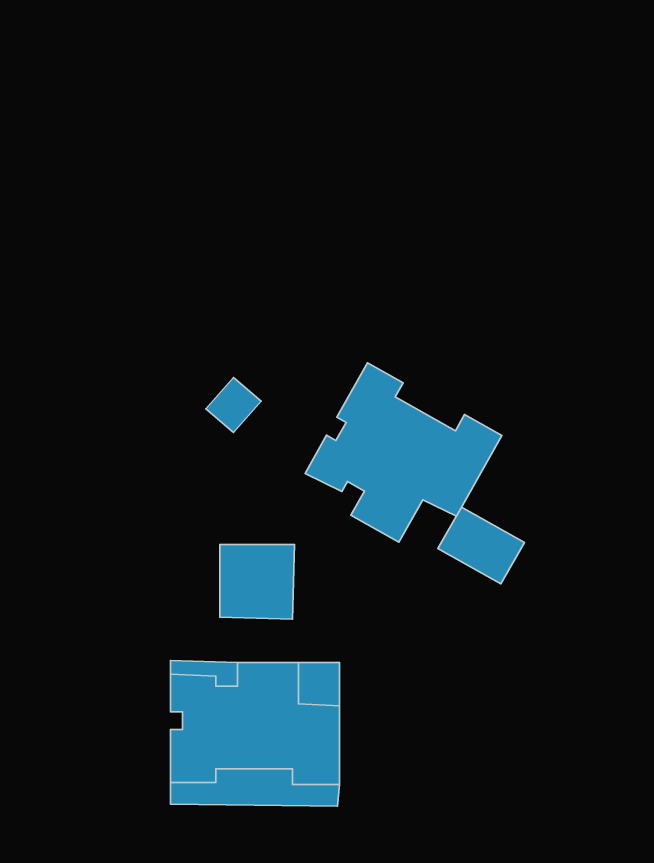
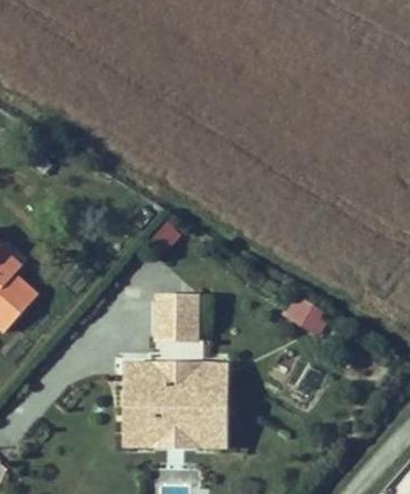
building: [305,363,502,542] -> none

